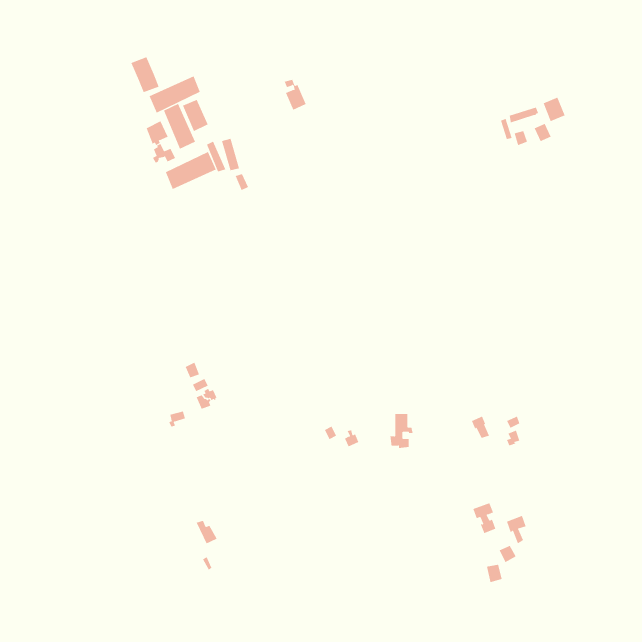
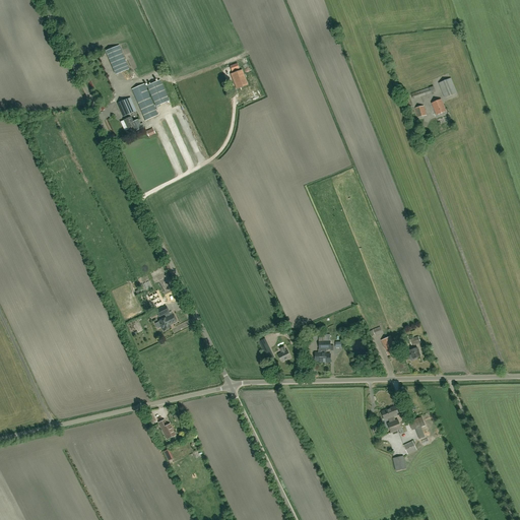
building: [149,75,201,114] -> none
building: [165,151,216,190] -> none

